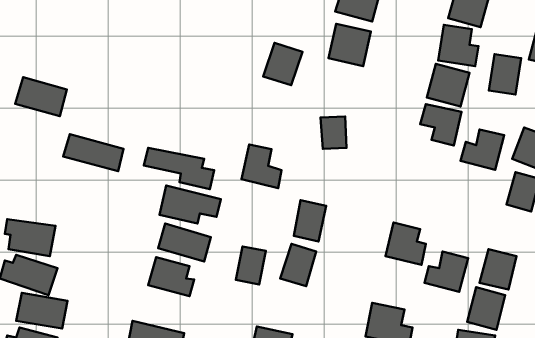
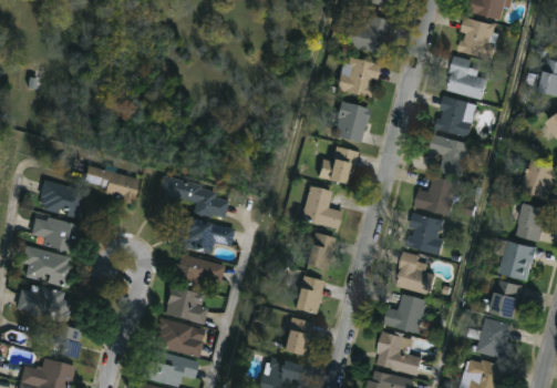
building: [263,43,302,85] -> [333,100,372,142]
building: [489,54,521,95] -> none
building: [15,77,67,116] -> [34,181,85,219]
building: [460,129,504,170] -> [415,176,458,216]
building: [241,145,282,188] -> [303,185,343,228]
building: none -> [406,213,446,255]
building: none -> [27,215,75,253]
building: none -> [498,242,536,279]
building: [236,246,266,284] -> [283,317,313,355]
building: [424,251,468,292] -> [385,294,429,334]
building: none -> [153,320,202,358]

